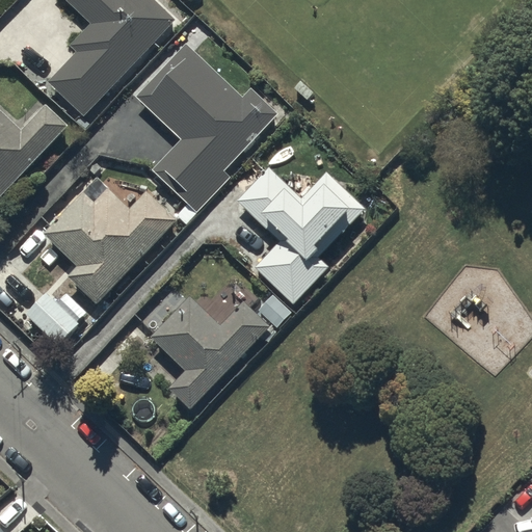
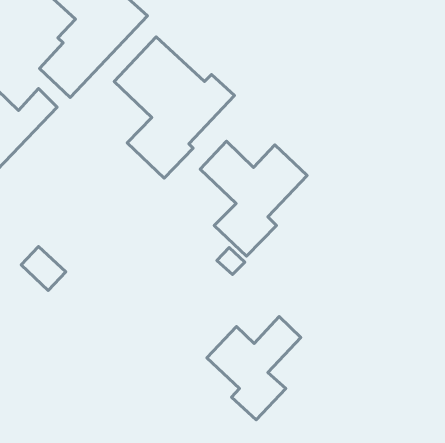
building: [43,178,177,304] -> none
building: [151,297,269,410] -> none
building: none -> [207,317,301,420]

